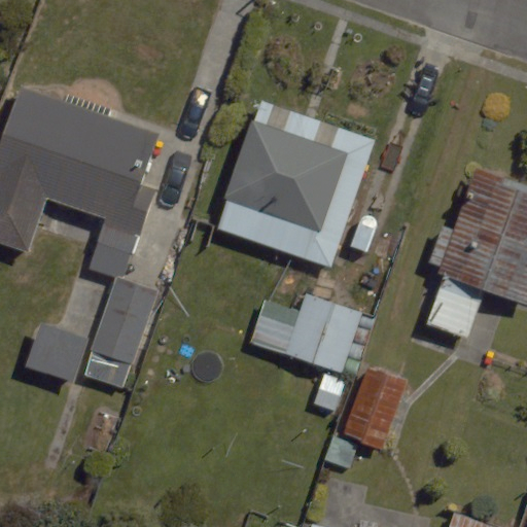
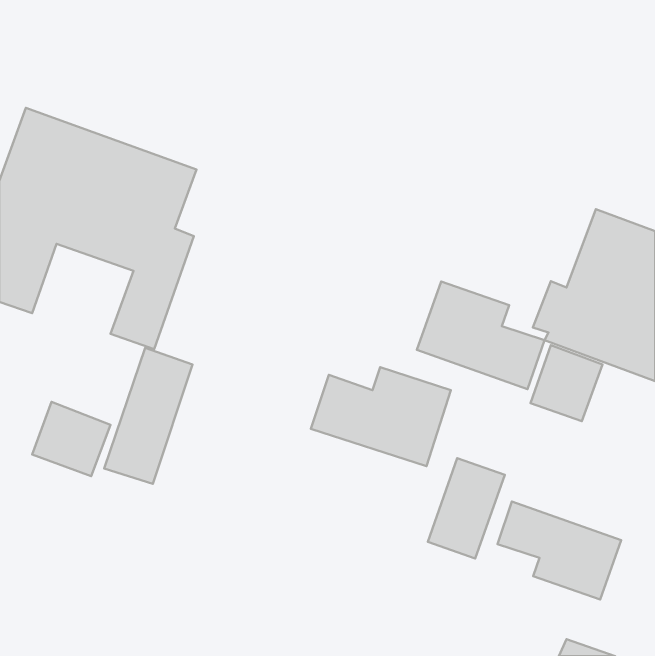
building: [222,120,347,233] -> none
building: none -> [417,281,545,389]
building: none -> [497,501,621,599]

